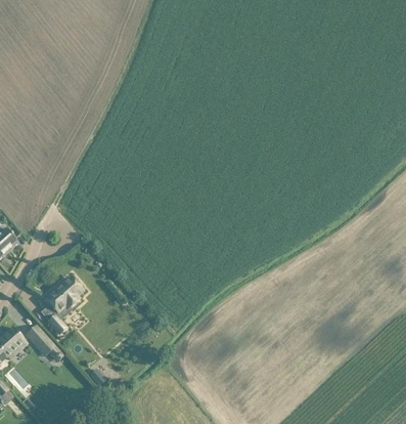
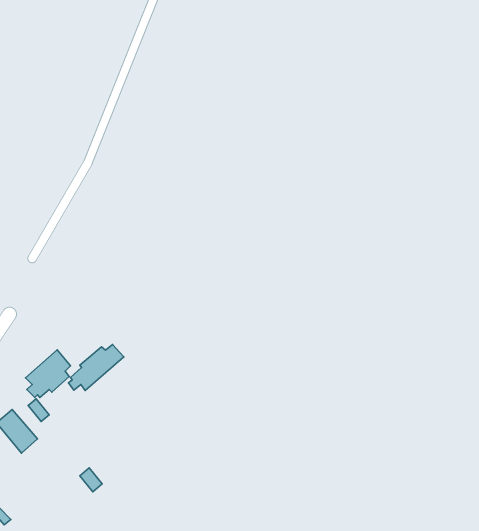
building: none -> [69,345,124,391]

